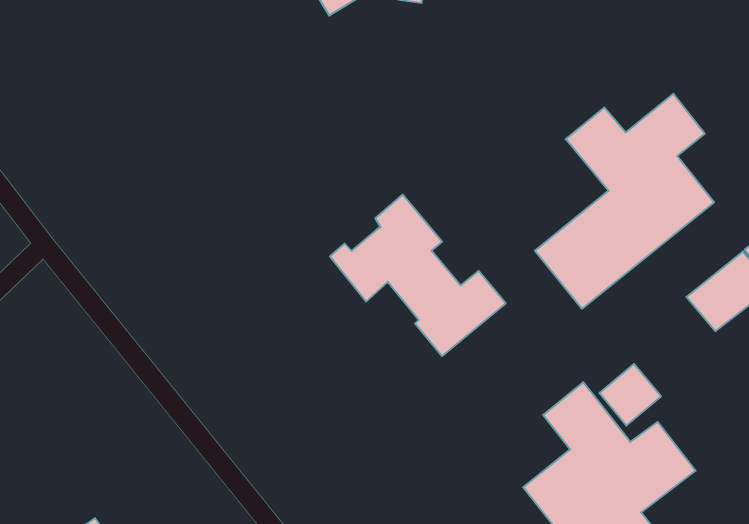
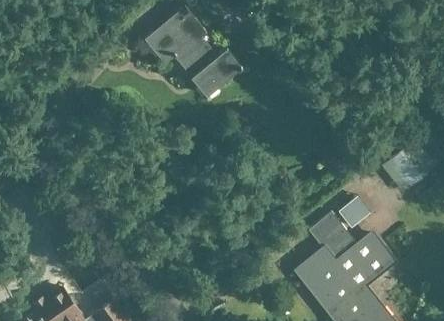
building: [535,94,714,309] -> none
building: [330,195,506,356] -> [144,6,241,95]

